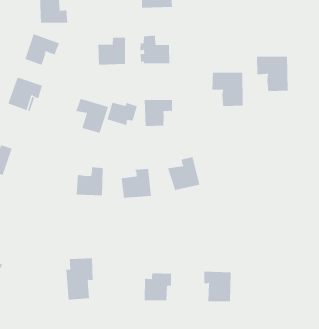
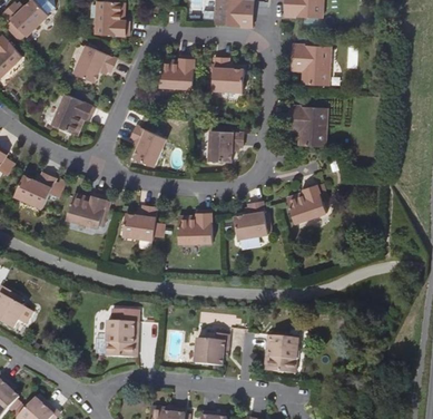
building: [256,56,289,91] -> [292,42,329,85]
building: [107,102,138,126] -> none
building: none -> [287,183,326,224]
building: none -> [66,192,109,227]

